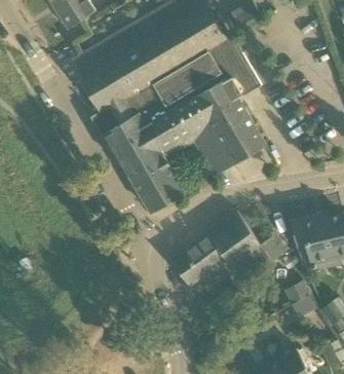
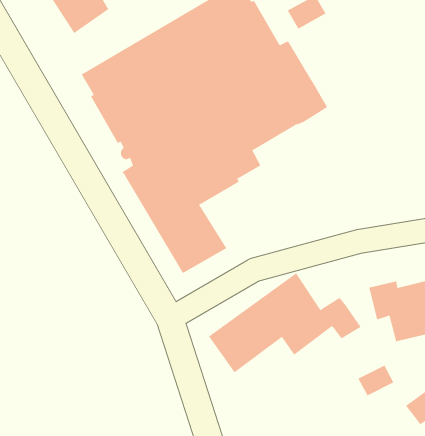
building: [192,100,265,177] -> none

